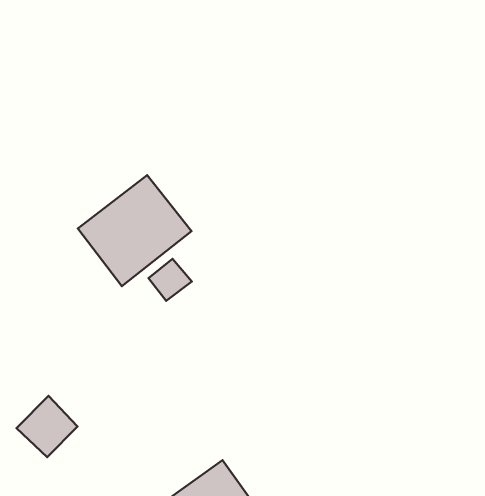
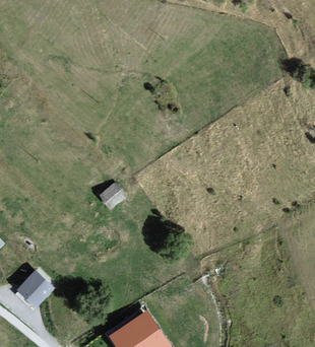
building: [78,175,192,286] -> none

